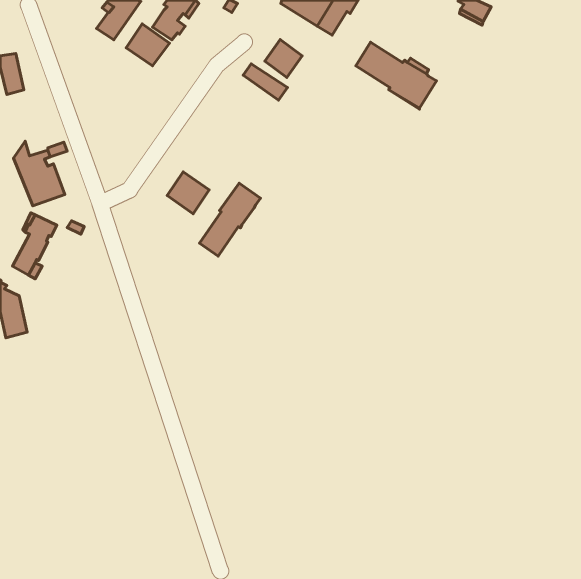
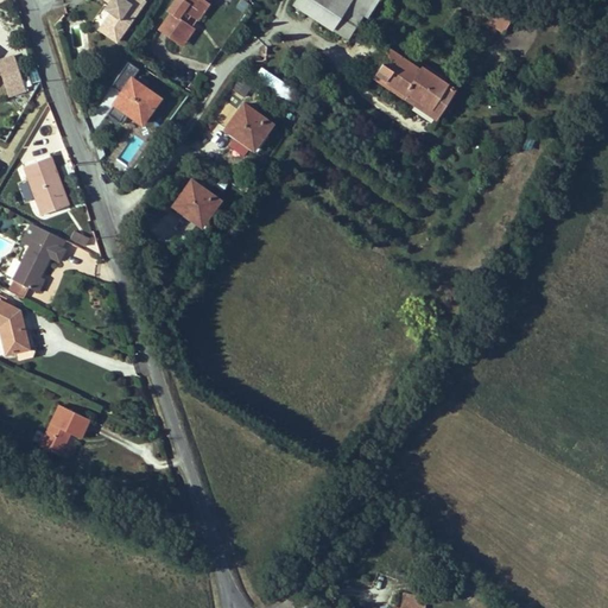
building: [126,24,169,66] -> [114,80,159,124]
building: [265,40,302,77] -> none
building: none -> [227,106,270,147]
building: [200,183,261,256] -> none
building: none -> [40,406,88,455]

